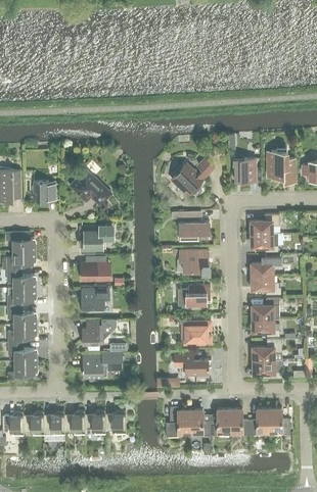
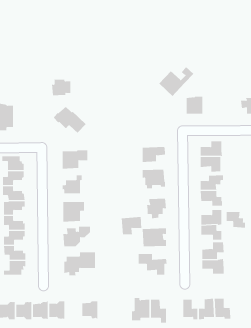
building: [268,151,295,183] -> none
building: [171,158,215,196] -> [158,66,194,97]
building: [30,182,55,202] -> [50,79,71,96]
building: none -> [226,211,245,228]
building: none -> [121,216,142,235]
building: [211,409,230,435] -> none
building: [85,411,105,434] -> none

